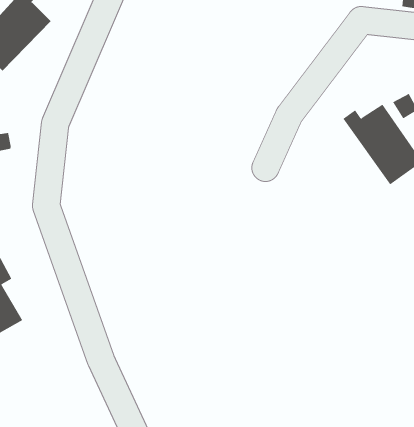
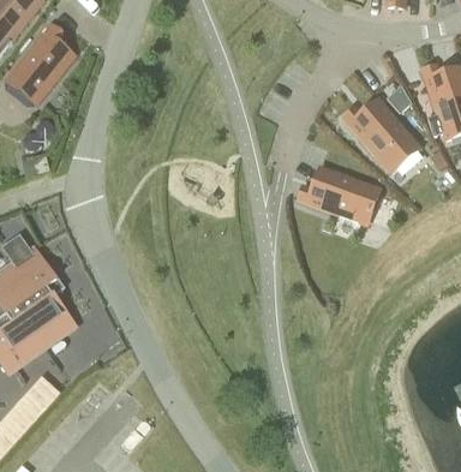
building: none -> [298,167,379,225]

